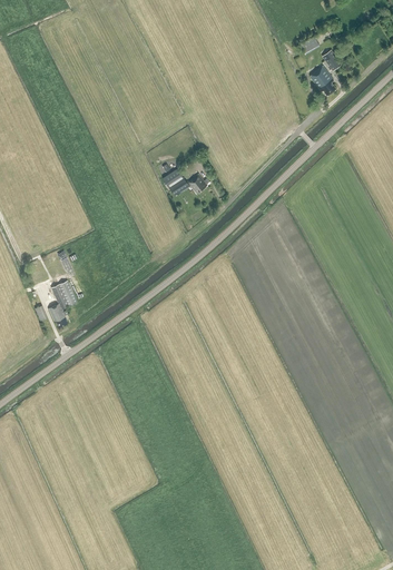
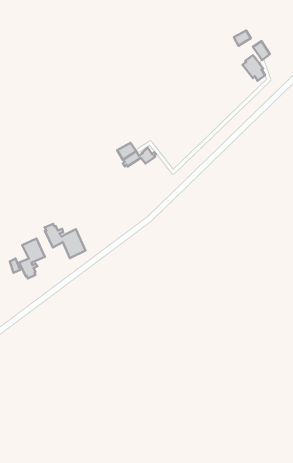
building: none -> [45,224,86,258]

